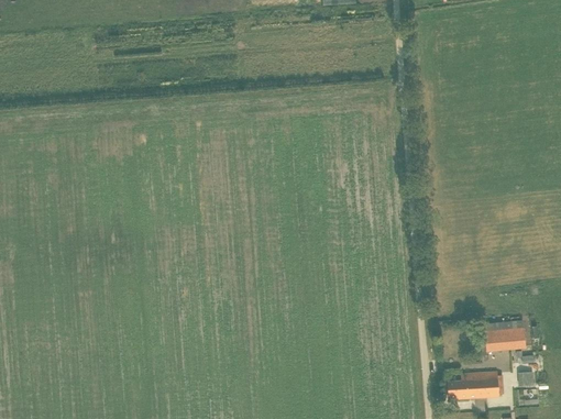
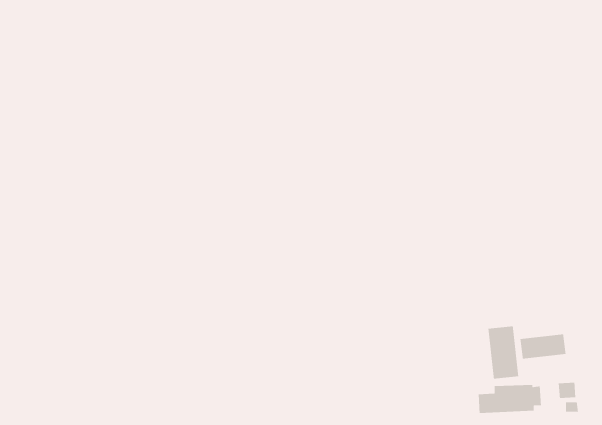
building: none -> [487,325,519,380]

